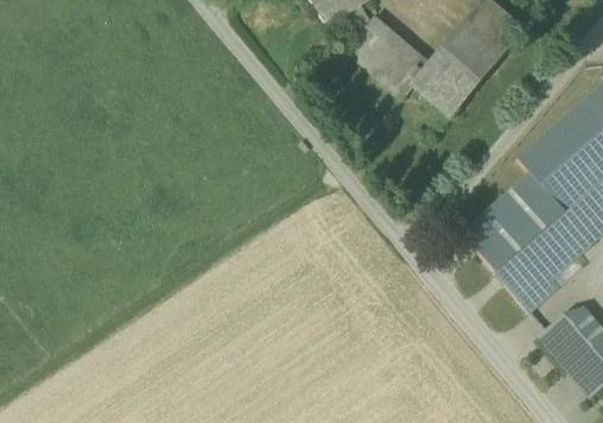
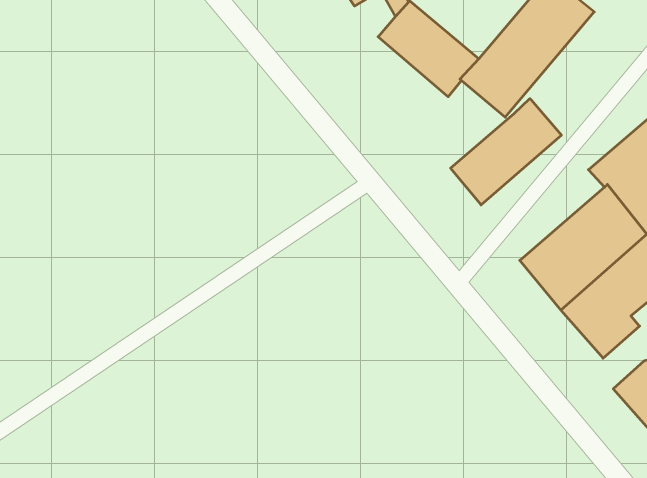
building: none -> [451,99,561,205]

